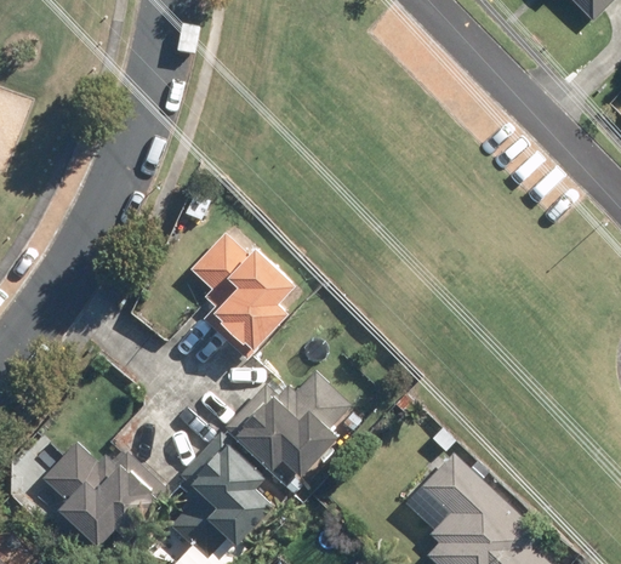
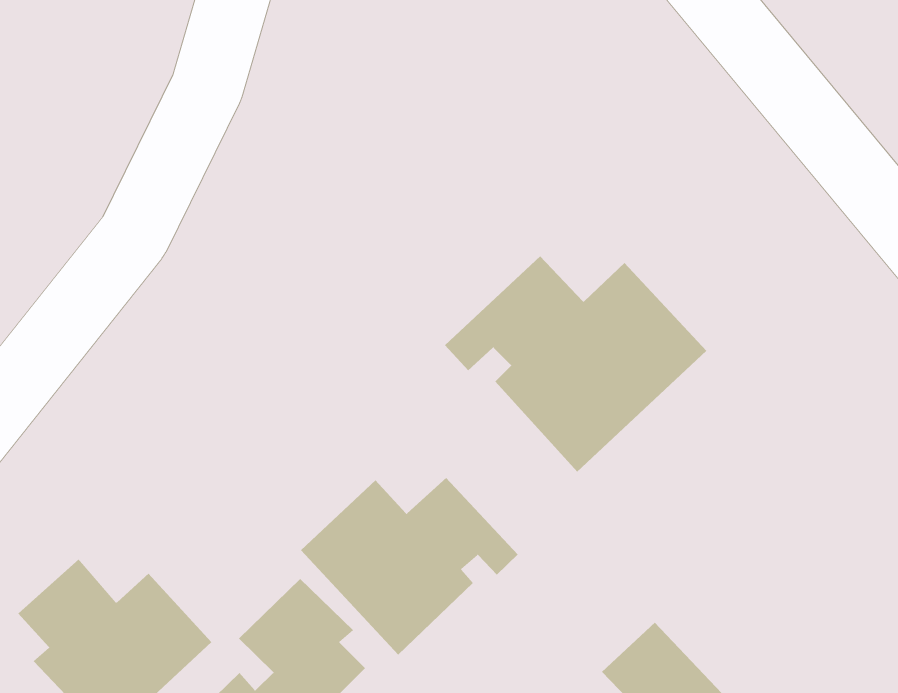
building: none -> [444,256,707,472]
building: [188,230,286,357] -> none

